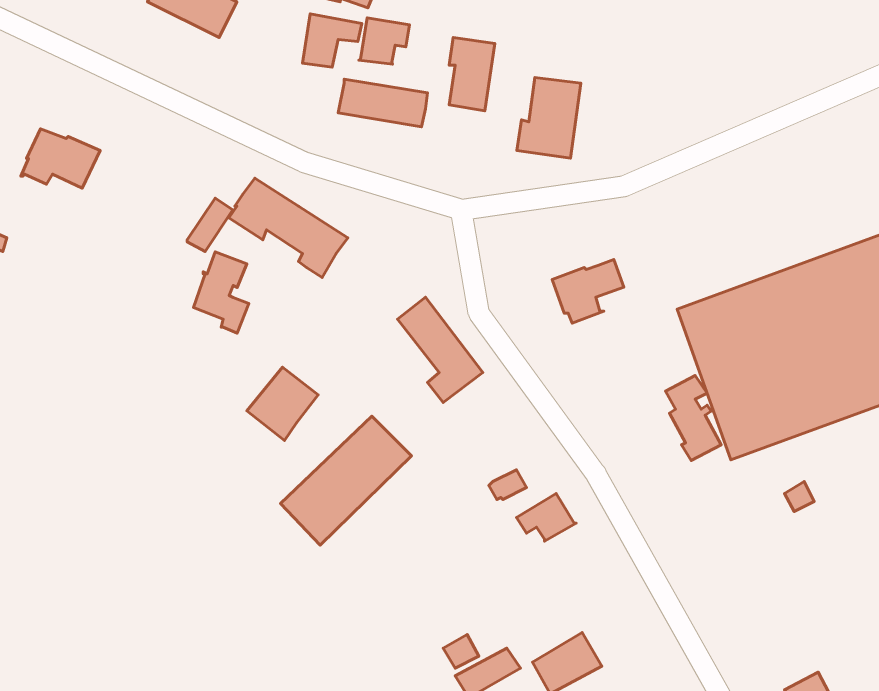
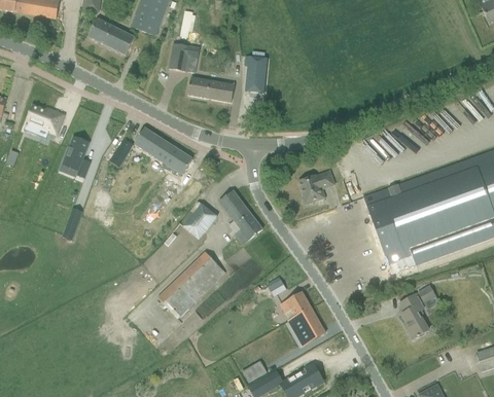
building: [359,18,410,64] -> none
building: [517,78,581,158] -> none
building: [193,252,249,333] -> [63,135,92,177]
building: [247,367,318,441] -> [180,201,217,239]
building: [666,375,721,461] -> [400,293,429,337]
building: none -> [288,306,326,342]

